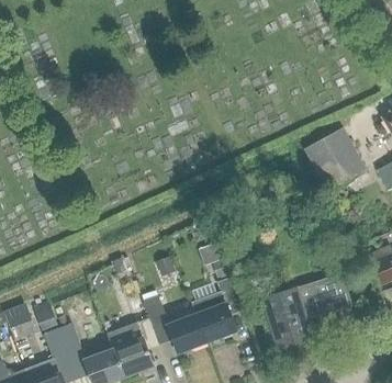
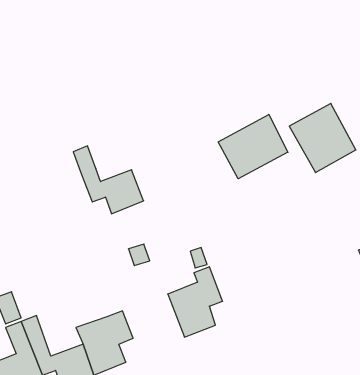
building: none -> [218,114,288,179]
building: [262,272,354,348] -> none
building: [143,292,208,354] -> [73,146,144,214]

